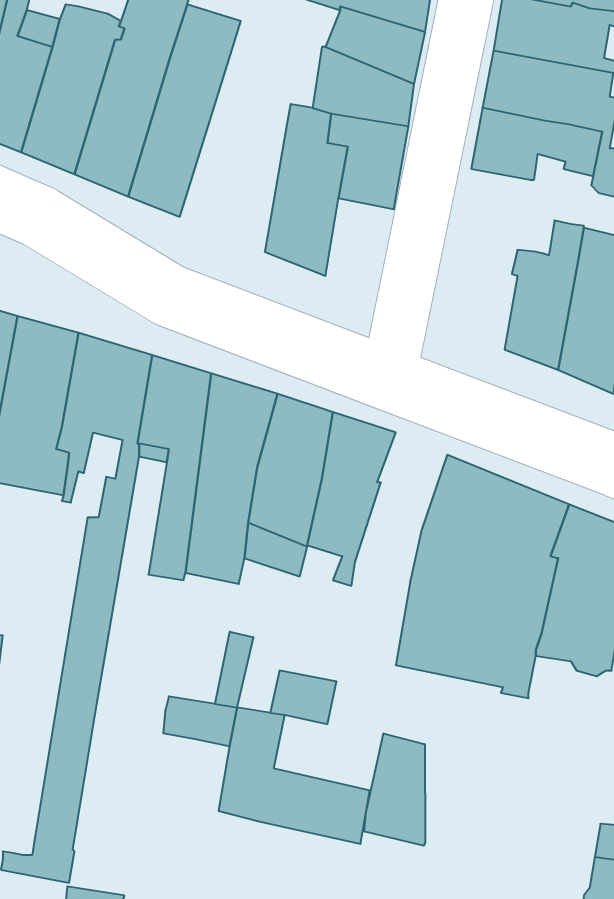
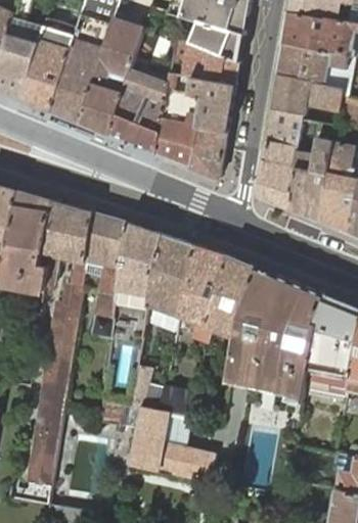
building: none -> [108,70,168,155]
building: none -> [256,109,303,209]
building: none -> [189,126,227,180]
building: none -> [204,255,257,342]
building: [364,733,425,846] -> none

